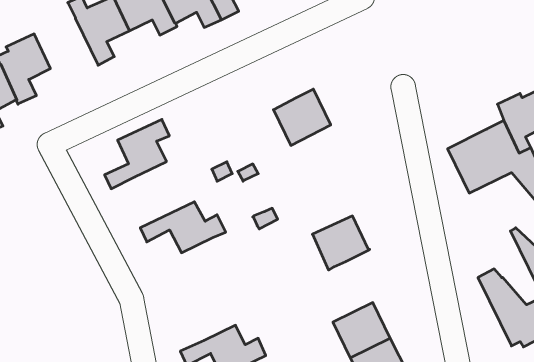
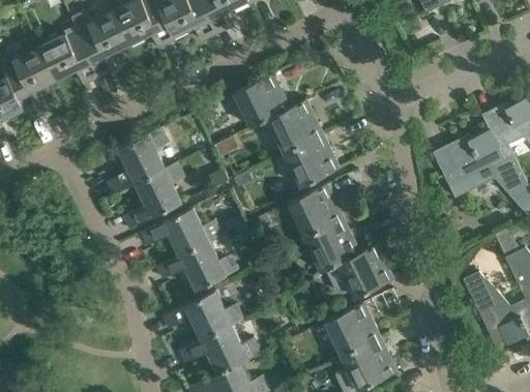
building: none -> [38,32,99,85]
building: none -> [233,73,289,127]
building: none -> [284,133,338,187]
building: none -> [122,162,184,229]
building: none -> [287,184,343,238]
building: none -> [156,241,238,291]
building: none -> [325,244,392,298]
building: none -> [161,291,243,339]

